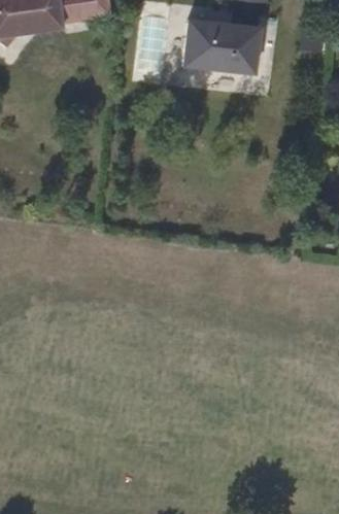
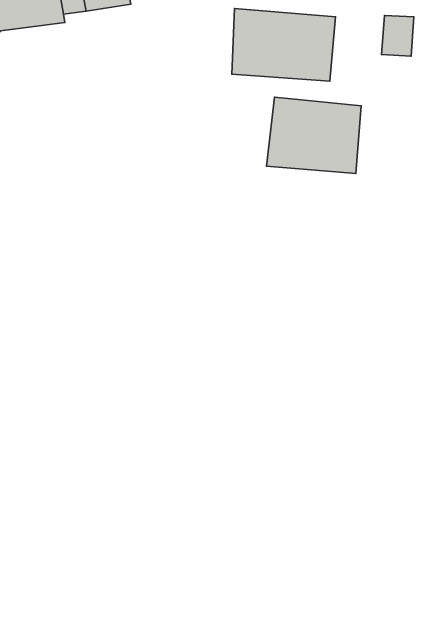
building: none -> [267,97,361,174]

